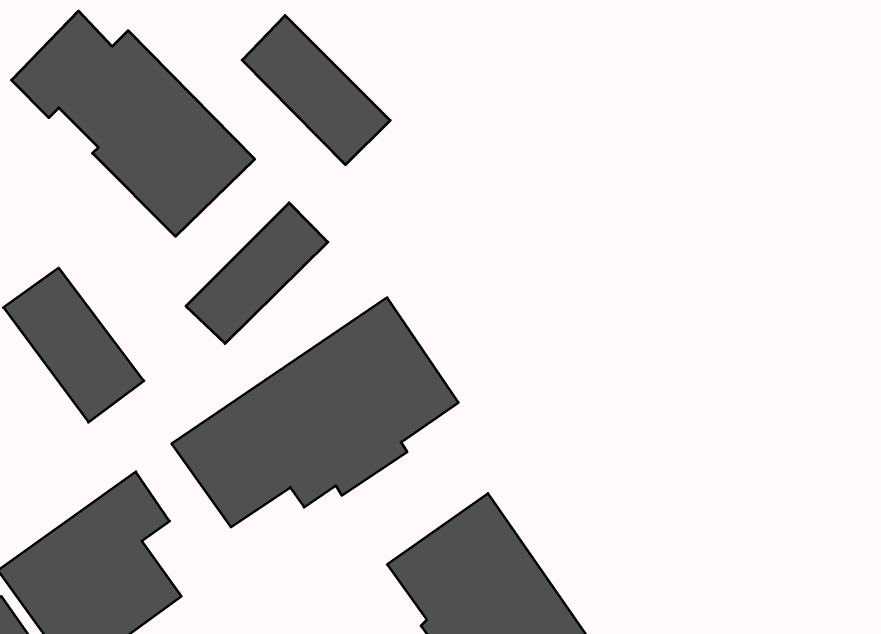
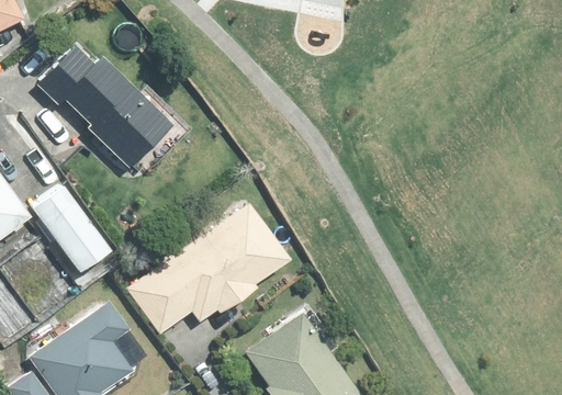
building: [242,15,390,165] -> none
building: [186,203,328,344] -> none

